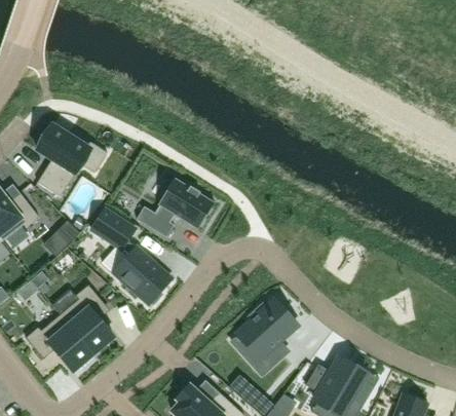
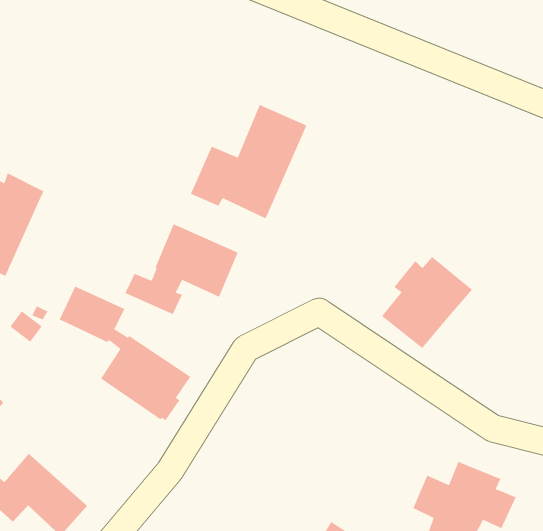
building: none -> [190,104,307,219]
building: [60,286,114,355] -> none
building: [236,301,298,361] -> [382,256,473,349]

